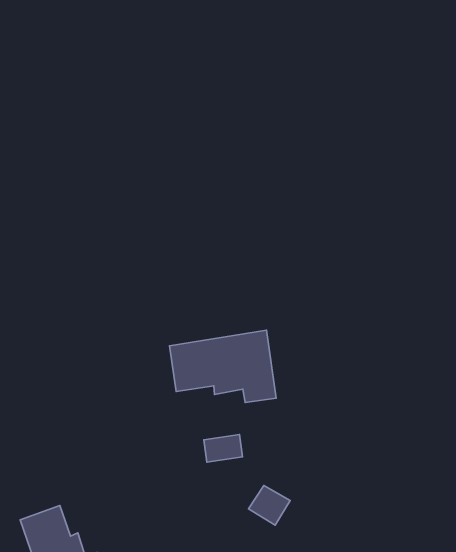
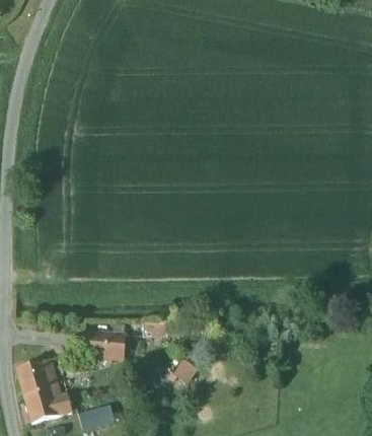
building: [169,330,276,403] -> none
building: none -> [83,330,126,357]

